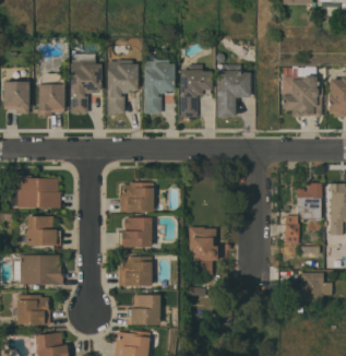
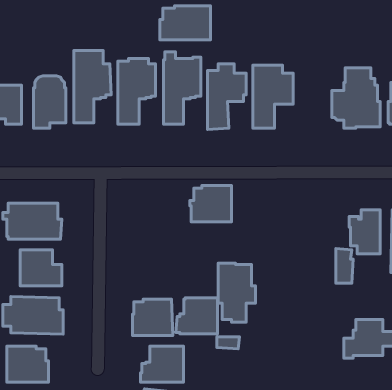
building: none -> [160,6,210,40]
building: [119,182,153,212] -> [190,186,231,222]
building: [118,217,152,247] -> [176,298,217,334]

